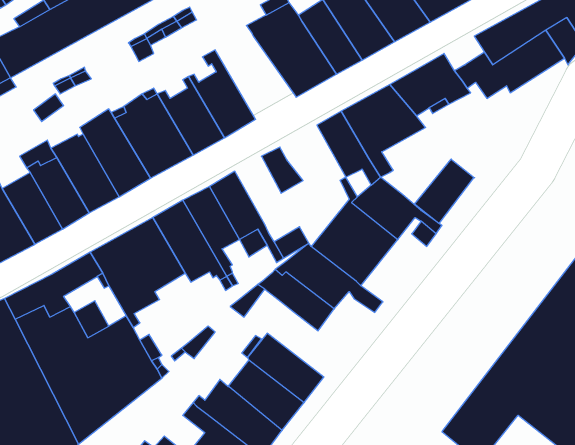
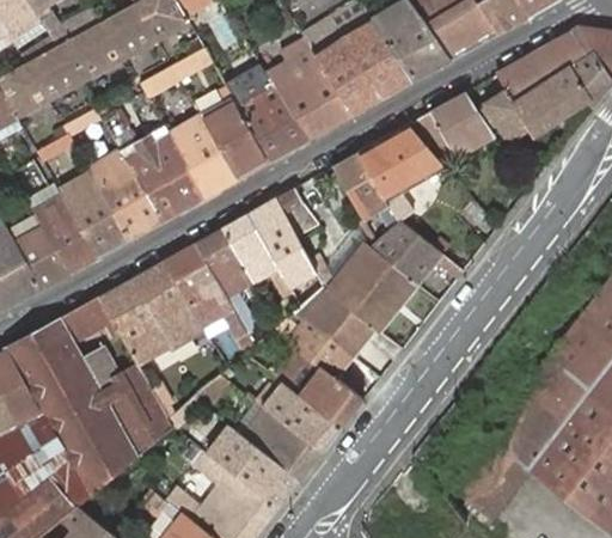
building: none -> [226,72,312,160]
building: none -> [249,198,310,277]
building: [415,159,475,223] -> none
building: none -> [275,349,362,427]

